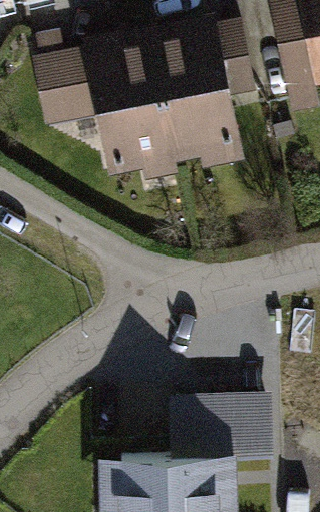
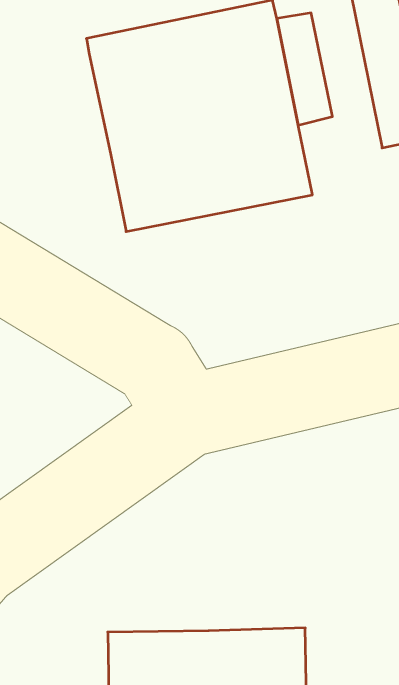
building: [32,49,100,128] -> none
building: [169,392,274,456] -> none

